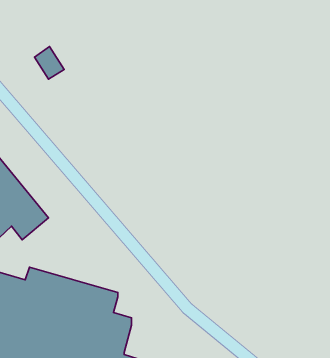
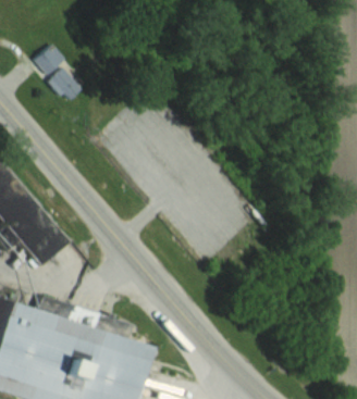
building: none -> [32,40,64,71]

